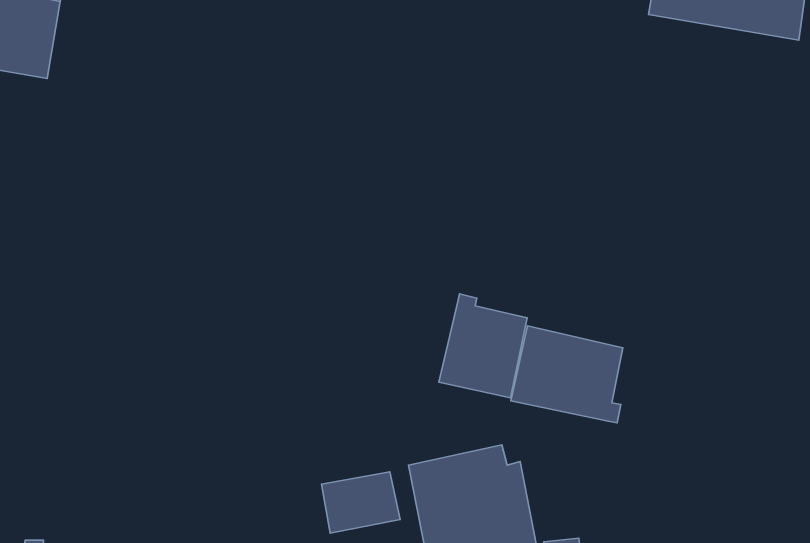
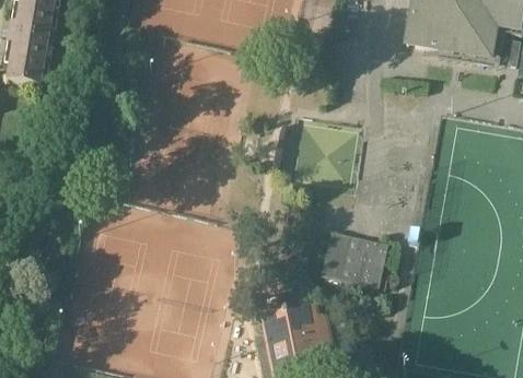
building: [439,294,527,398] -> none
building: [321,472,400,533] -> none

